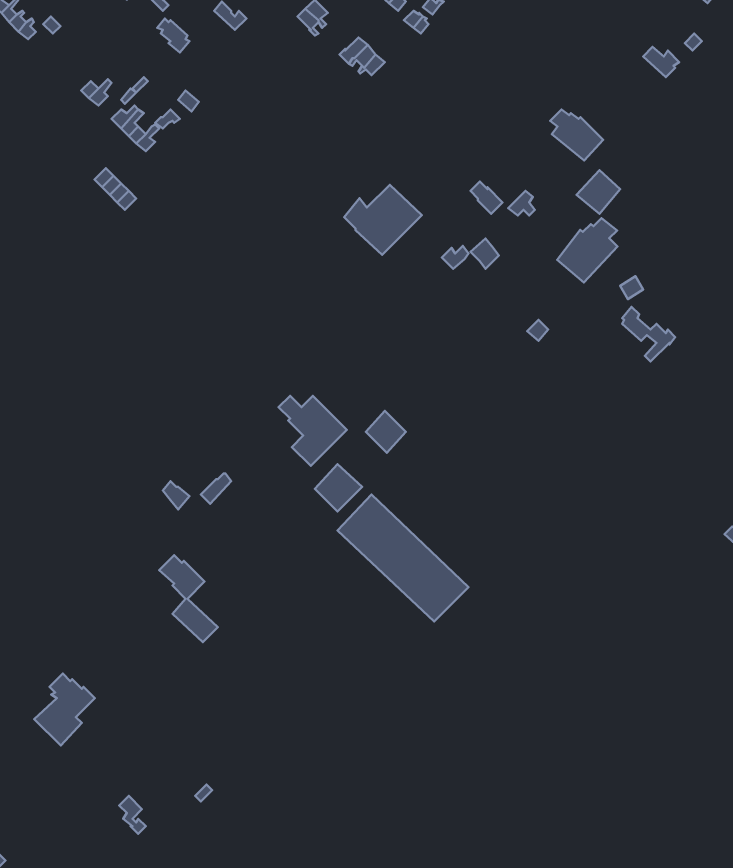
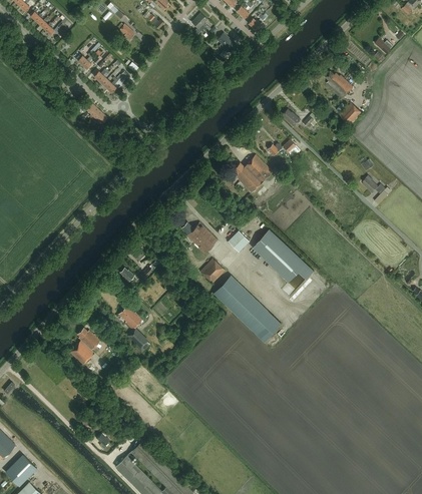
building: [344,185,422,255] -> [232,155,273,192]
building: [557,218,617,282] -> none
building: none -> [252,229,314,282]
building: [34,674,95,746] -> [69,328,101,366]

